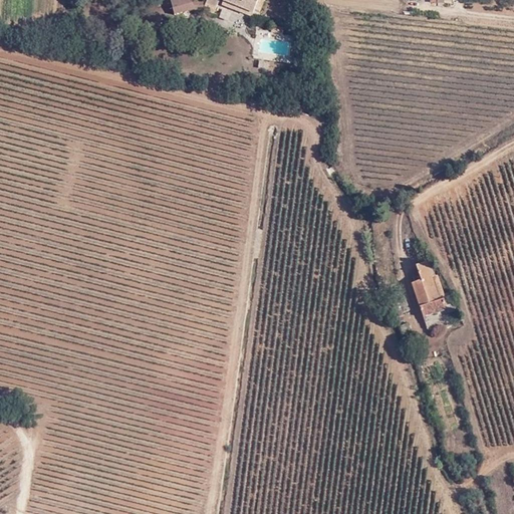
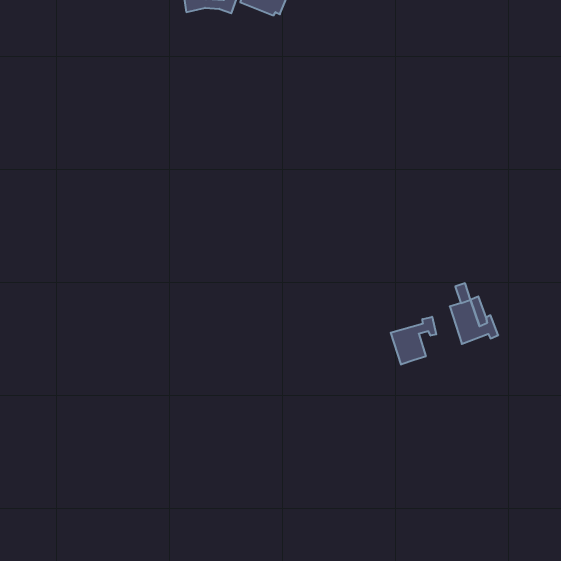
building: none -> [391,317,436,365]

